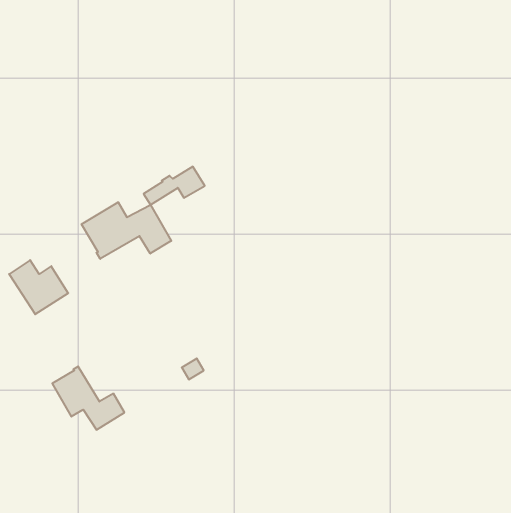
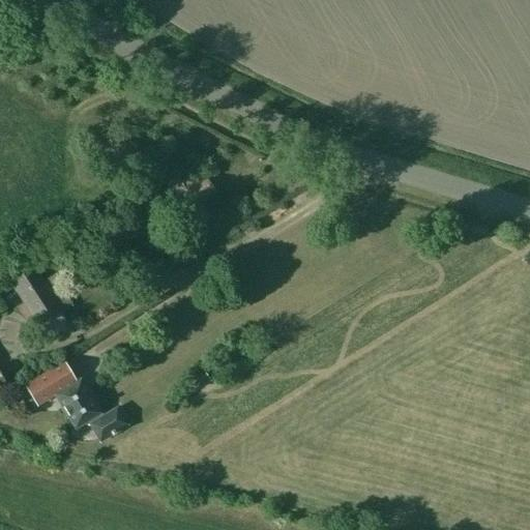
building: [82,202,171,259] -> none
building: none -> [25,360,79,406]

